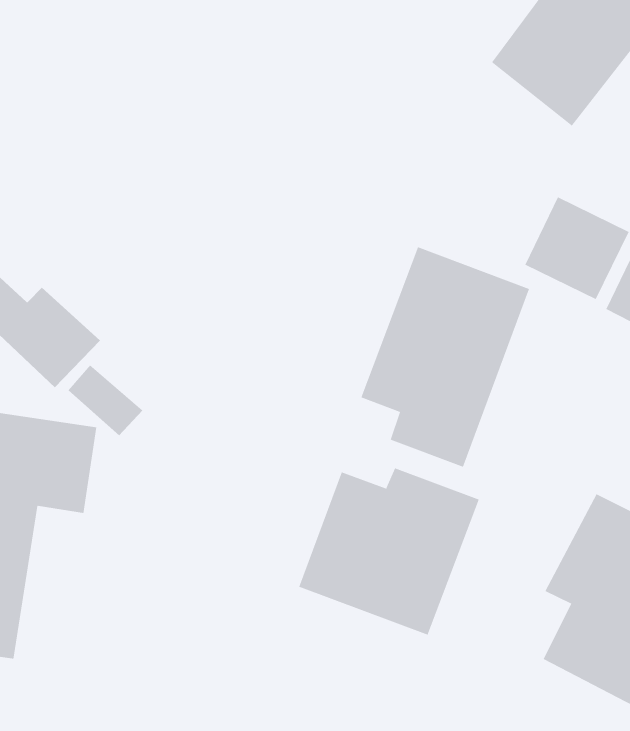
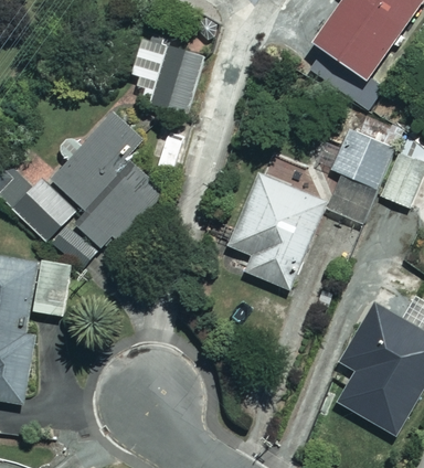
building: none -> [129,42,205,114]
building: none -> [52,111,163,253]
building: [298,467,480,636] -> none

